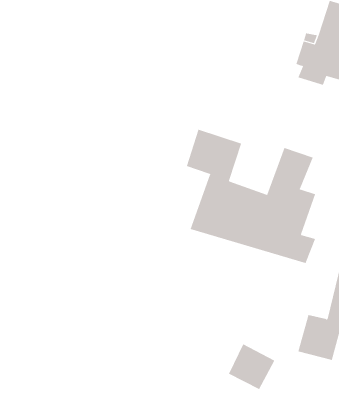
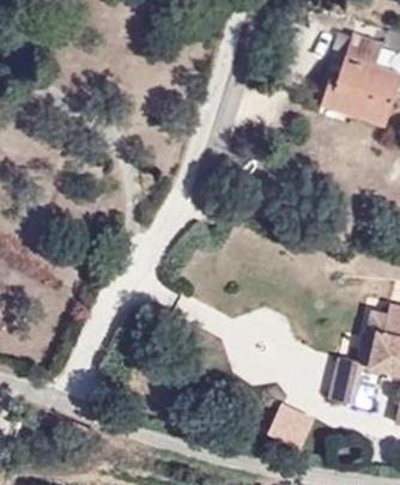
building: [186,129,316,264] -> none

